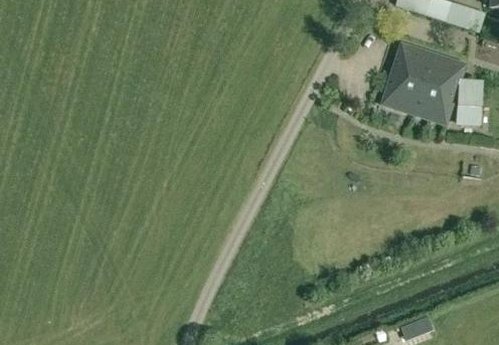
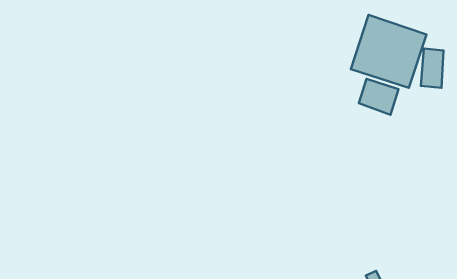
building: none -> [359,79,399,115]

